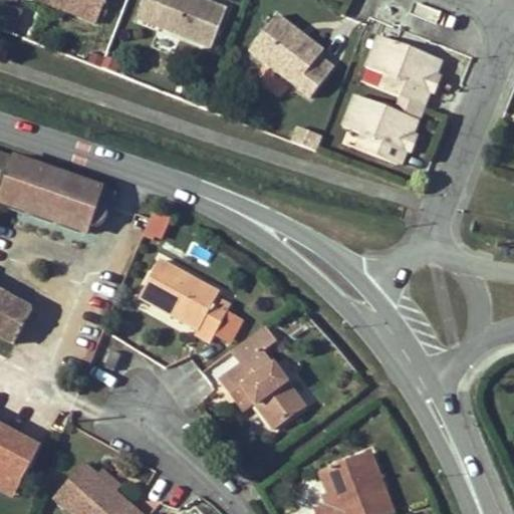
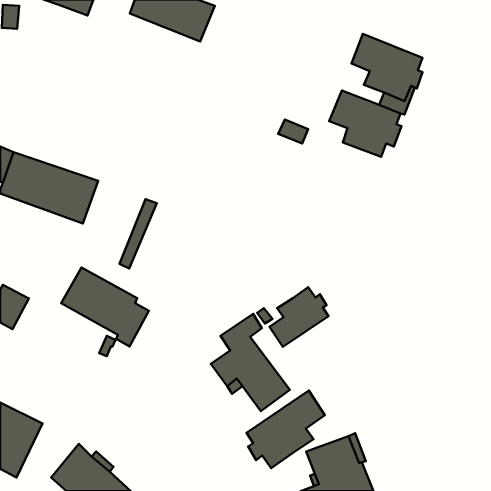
building: [249,13,330,92] -> none
building: [140,261,231,343] -> [61,267,149,346]
building: none -> [270,287,328,347]
building: none -> [246,390,325,468]

